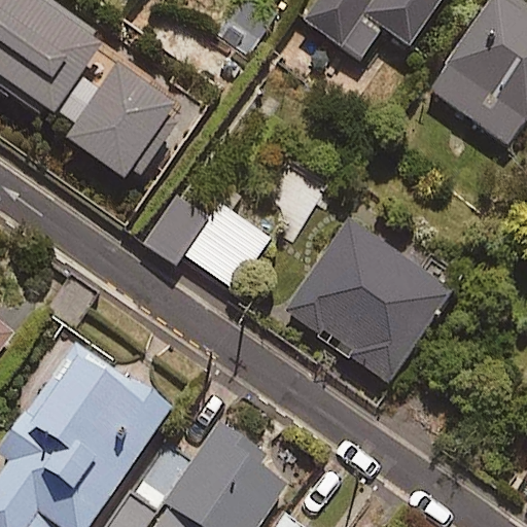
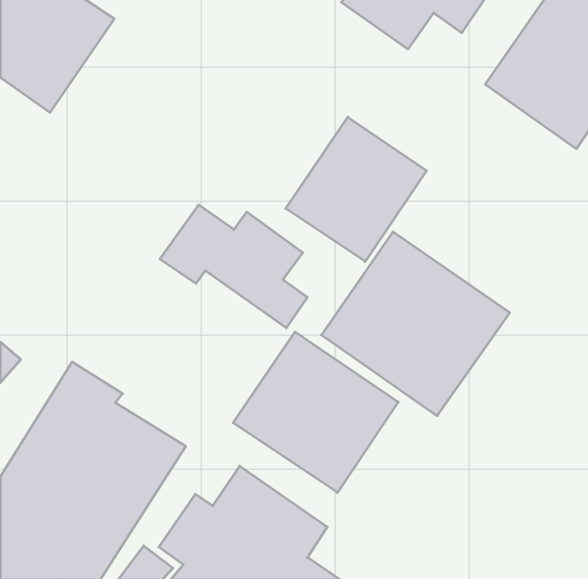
building: [51,61,183,182] -> none
building: none -> [286,117,426,262]
building: none -> [233,332,398,493]

